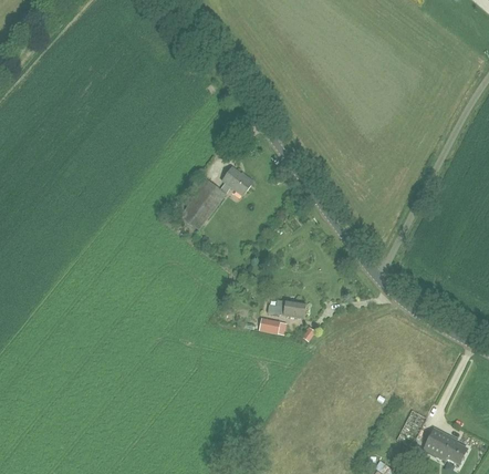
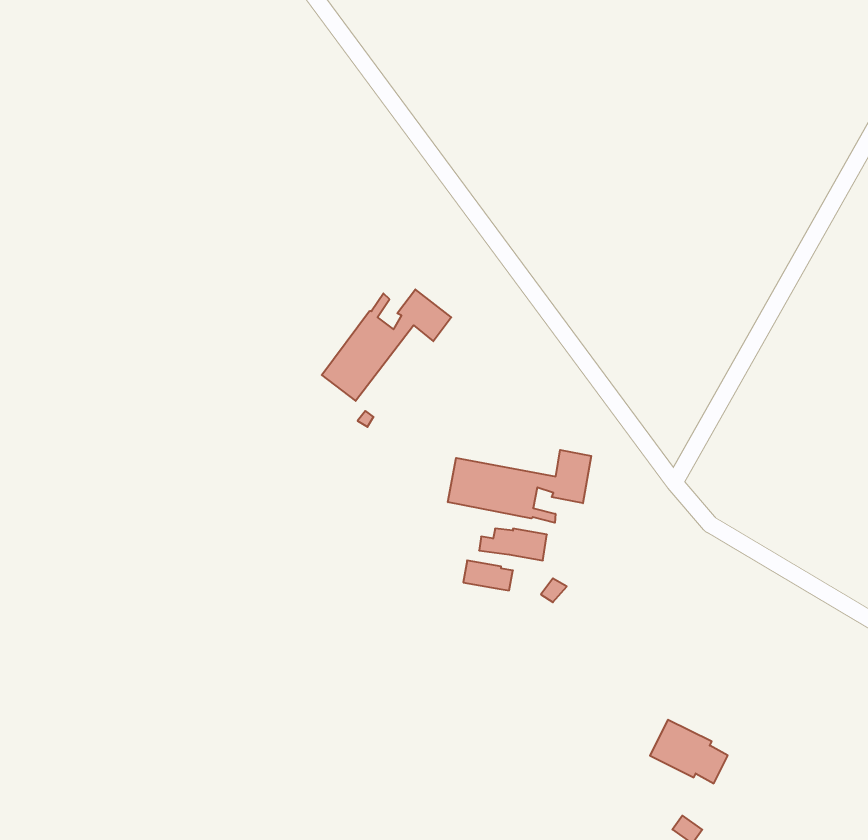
building: none -> [448,450,591,523]
building: [424,429,467,464] -> [650,720,728,783]

